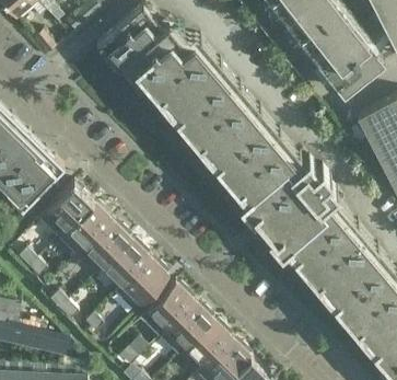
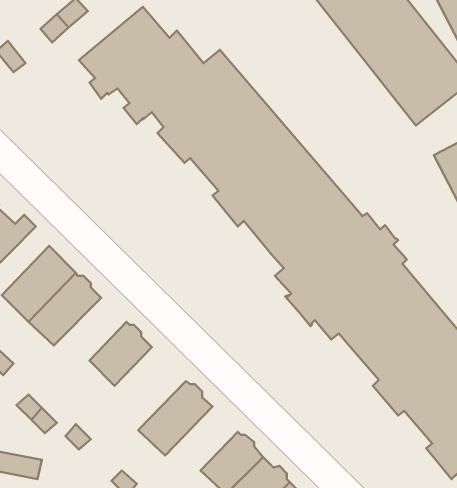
building: [77,222,130,276] -> none
building: [114,258,168,313] -> none
building: [159,302,212,357] -> none

